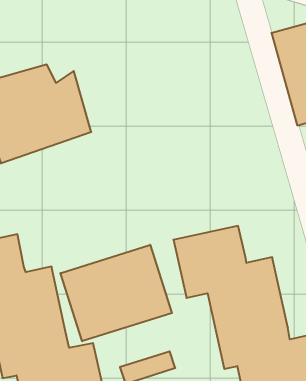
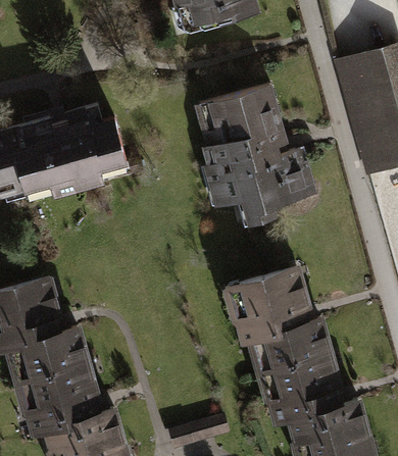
building: none -> [188,86,310,229]
building: [60,245,172,341] -> none

